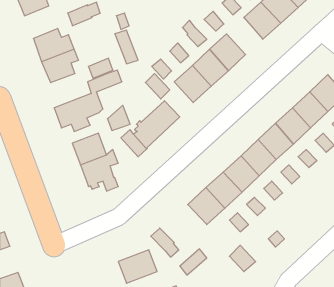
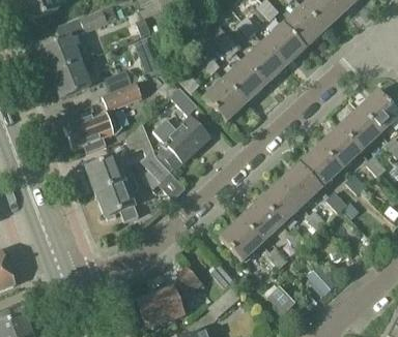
building: none -> [262,23,304,65]

